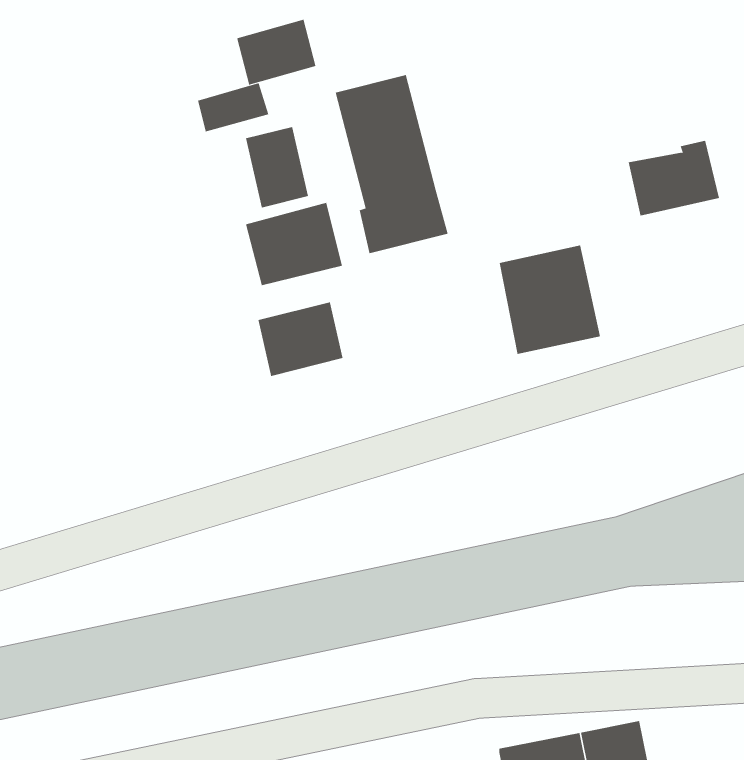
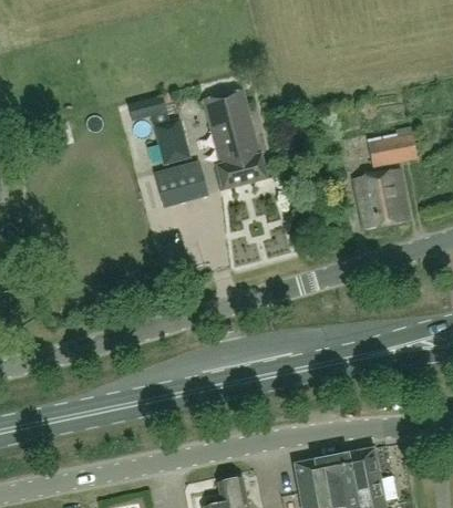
building: [237,19,316,85] -> none
building: [499,245,601,355] -> [353,168,410,229]
building: [258,301,343,377] -> none

